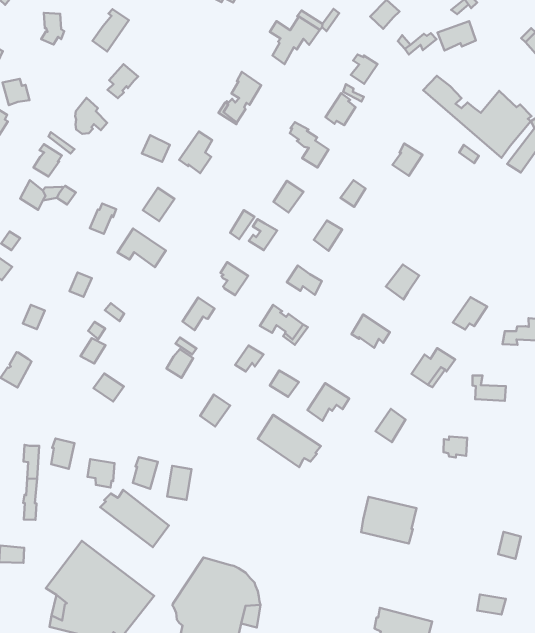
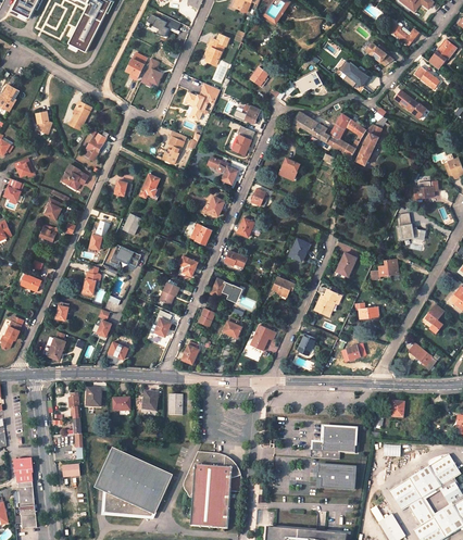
building: [258,415,321,467] -> none
building: [100,490,169,547] -> none
building: [361,497,416,543] -> [322,428,355,454]

